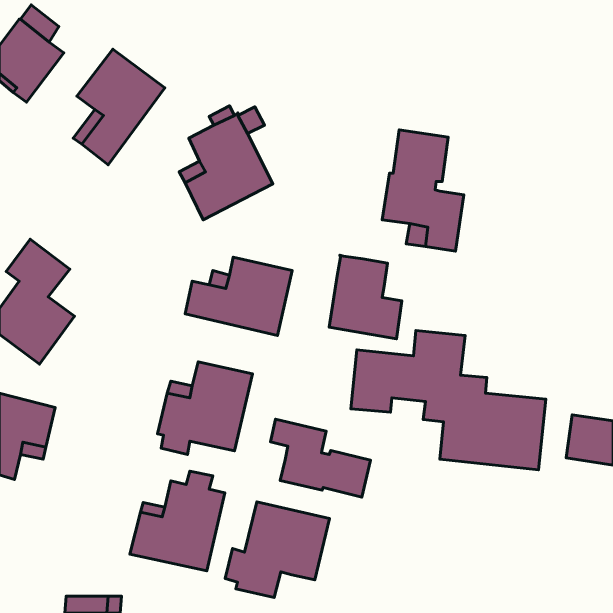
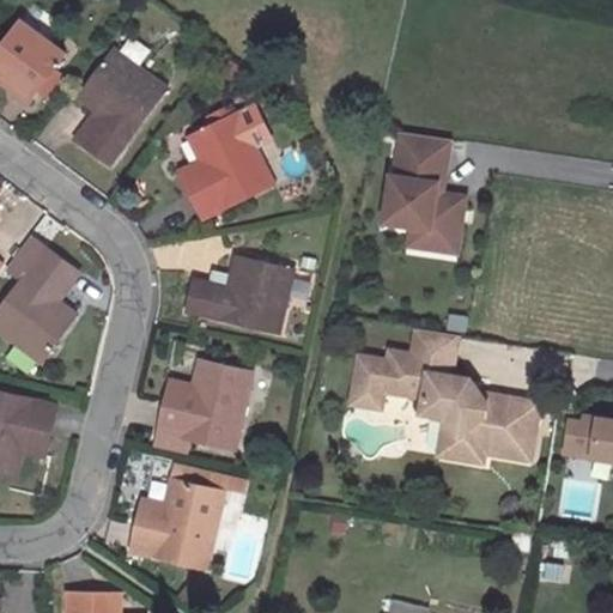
building: [329,255,402,339] -> none
building: [271,419,371,497] -> none
building: [225,502,330,598] -> none

